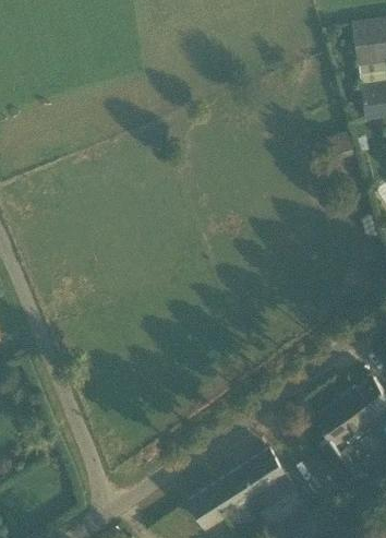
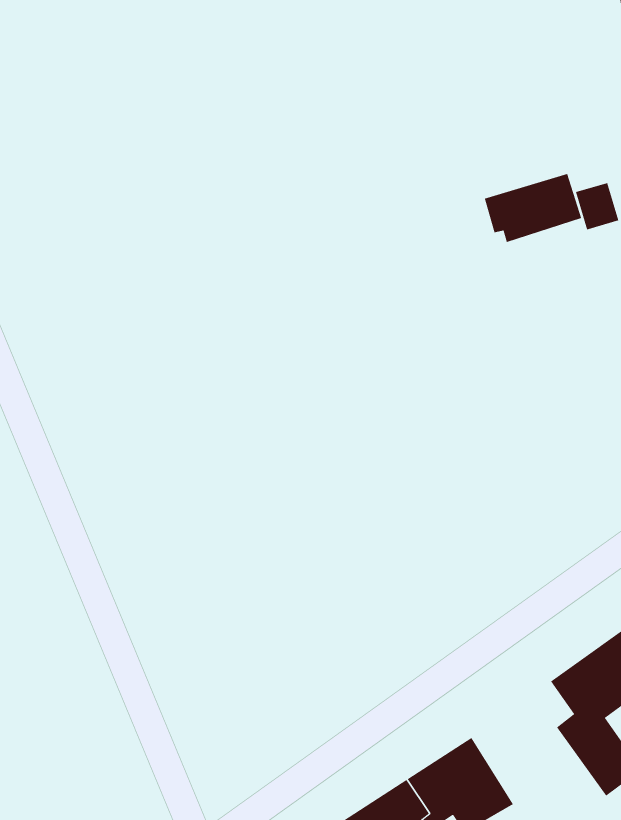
building: none -> [484,173,582,243]

